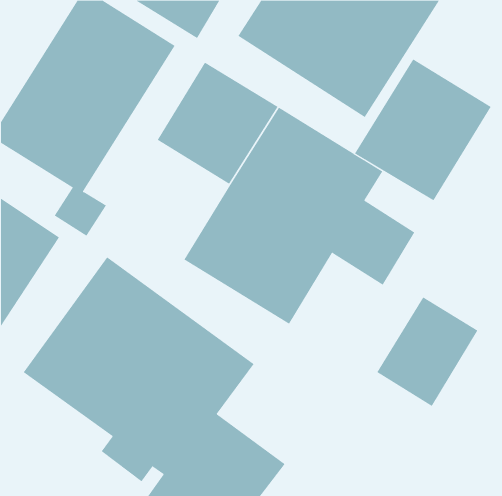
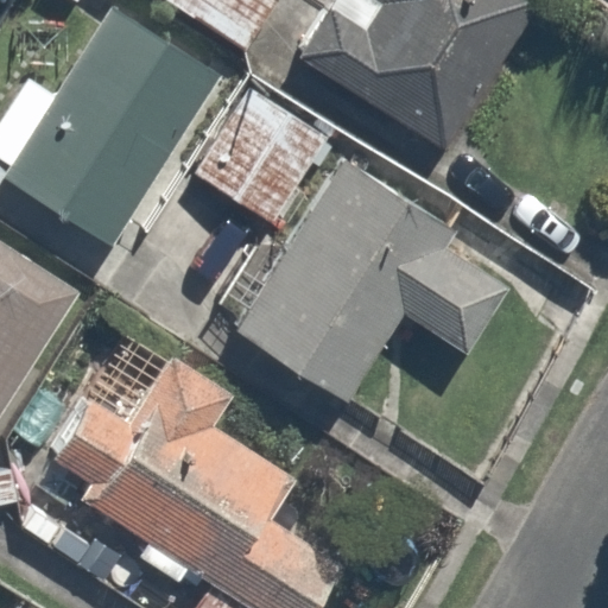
building: [354,59,491,201] -> none
building: [377,296,478,407] -> none

